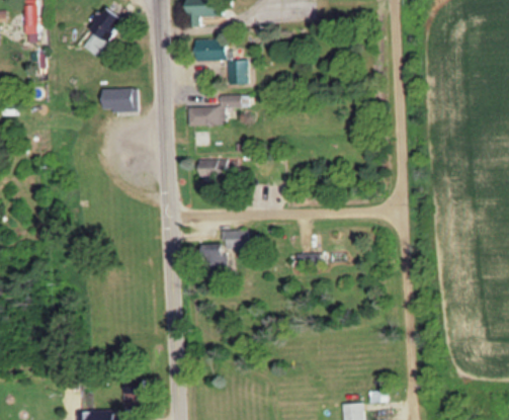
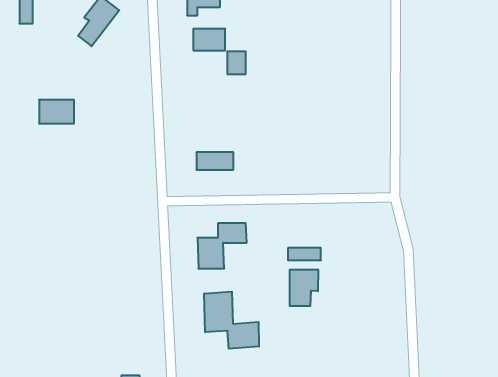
building: [102,88,137,111] -> [39,100,74,124]
building: [188,96,243,125] -> none
building: none -> [290,269,318,306]
building: none -> [204,292,259,349]

